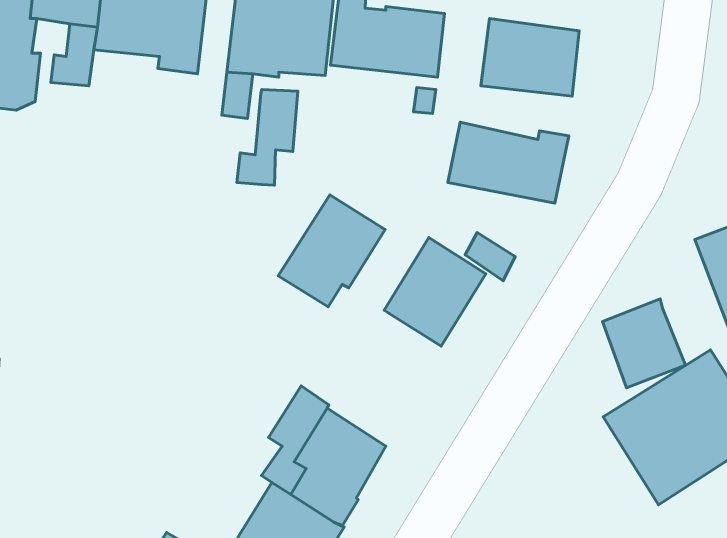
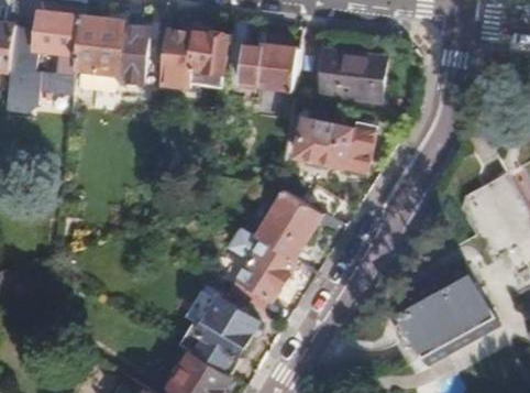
building: [237,89,298,185] -> none
building: [278,195,385,307] -> [229,239,297,310]
building: [603,299,686,388] -> none

